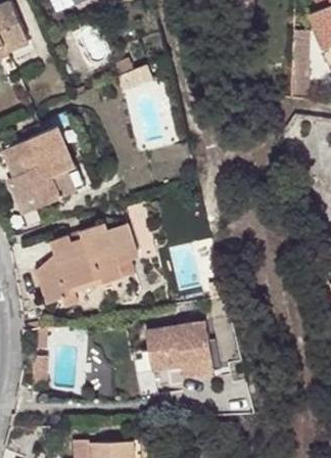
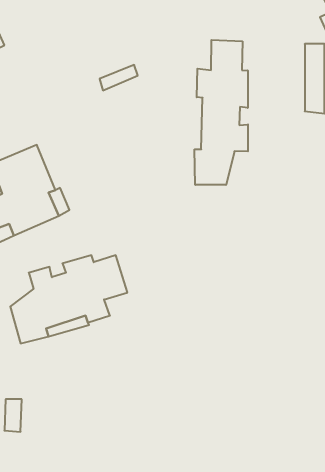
building: none -> [195,40,248,185]
building: [145,322,215,379] -> none

